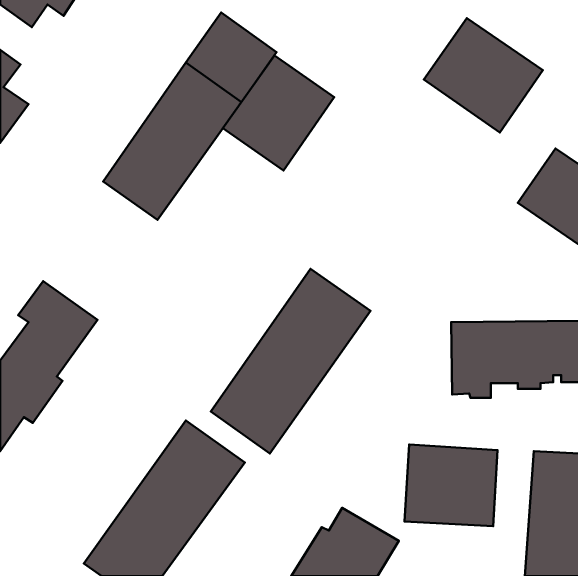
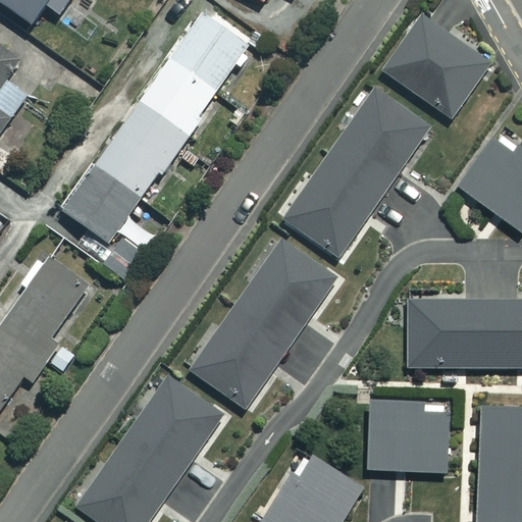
building: [223,55,334,171] -> none
building: none -> [283,90,428,258]
building: none -> [60,163,155,280]

